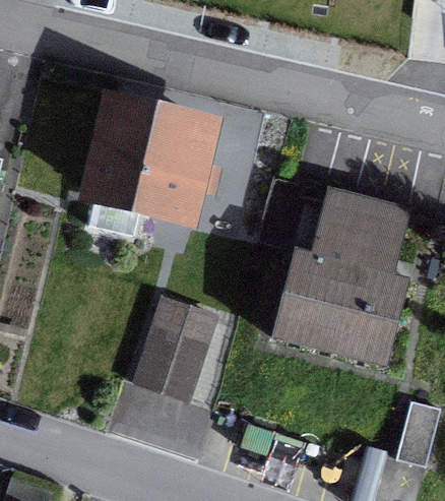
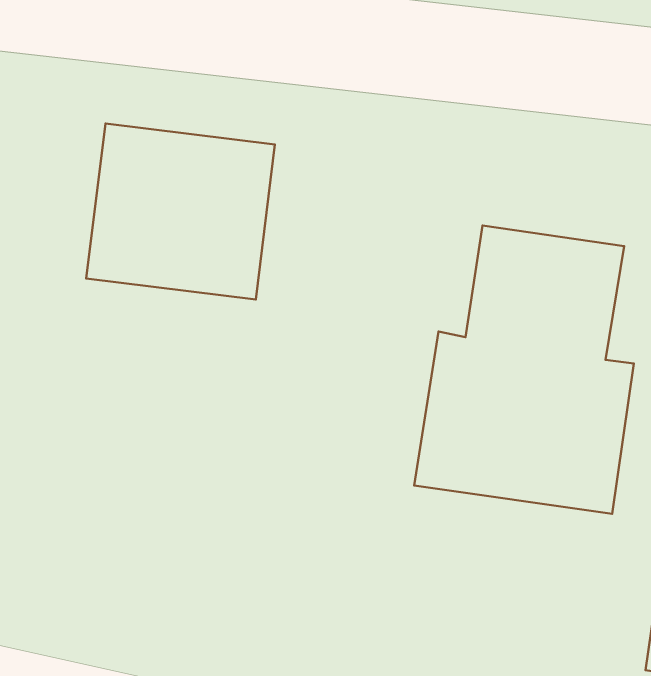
building: [132,298,213,400] -> none

